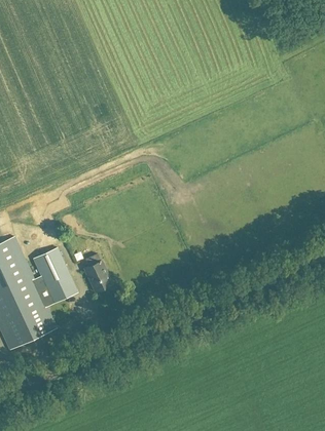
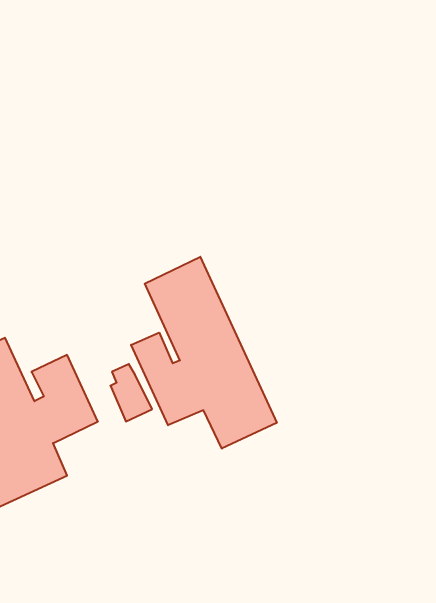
building: none -> [131,257,277,449]

